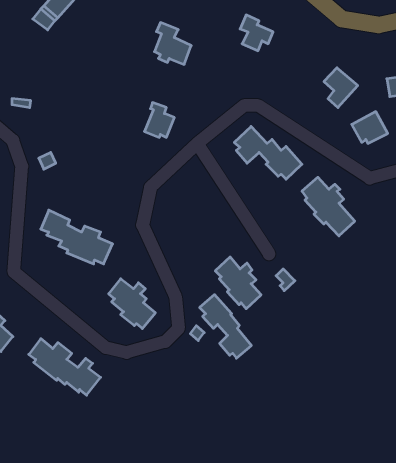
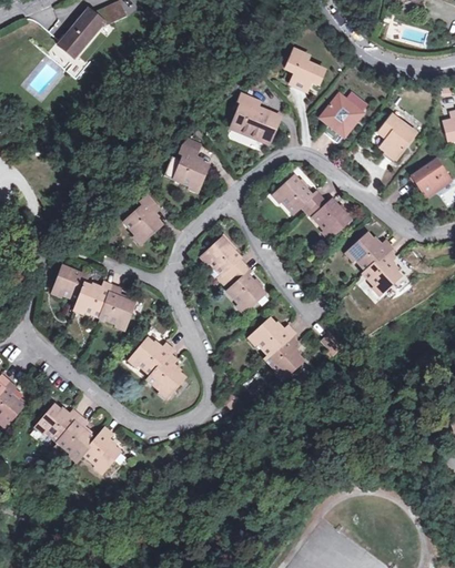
building: [154,23,191,64] -> [233,91,274,138]
building: none -> [316,83,365,134]
building: none -> [122,197,162,241]
building: [200,295,251,358] -> [205,237,263,308]

